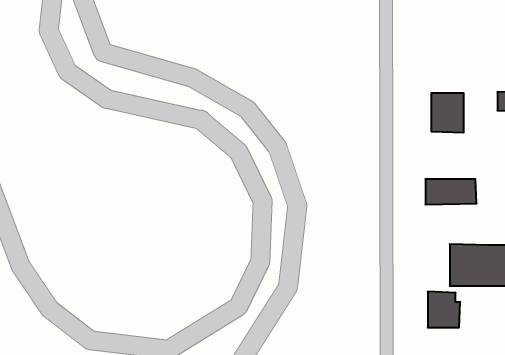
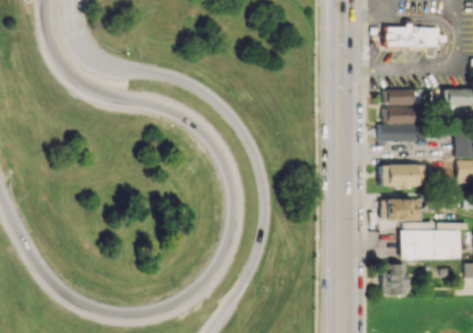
building: none -> [381,26,441,49]
building: none -> [378,124,415,143]
building: none -> [381,199,422,221]

